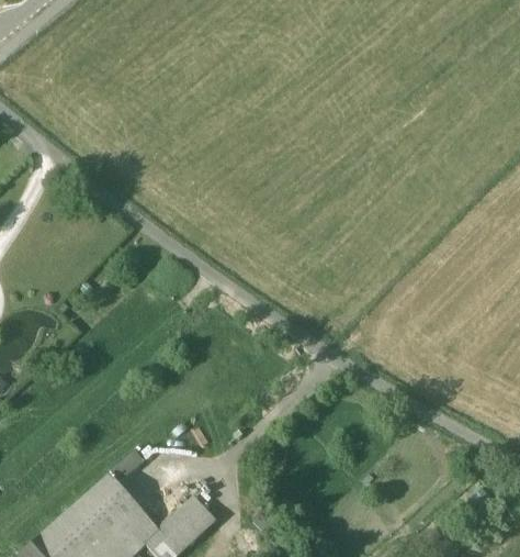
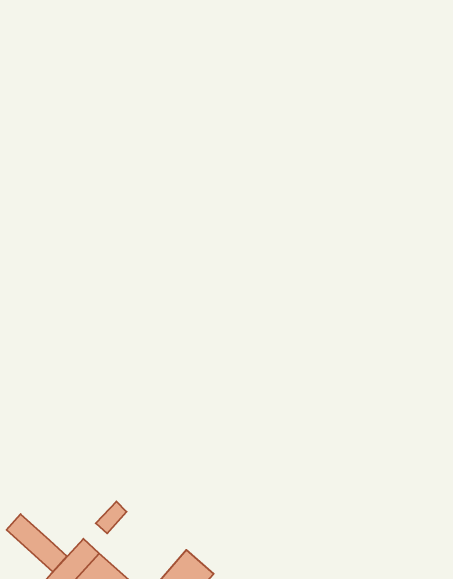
building: none -> [7,514,67,572]

